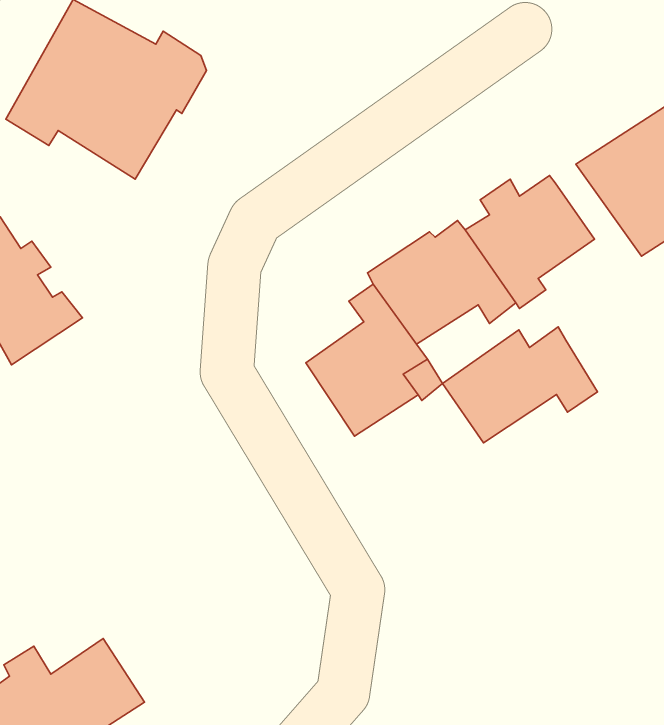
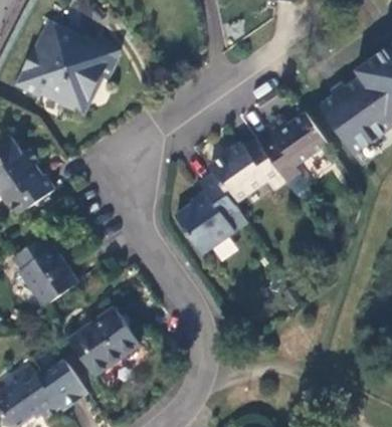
building: [443,327,598,443] -> none
building: none -> [20,236,80,304]
building: none -> [69,305,140,374]

